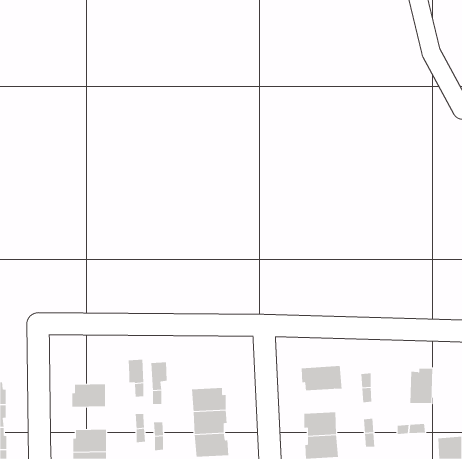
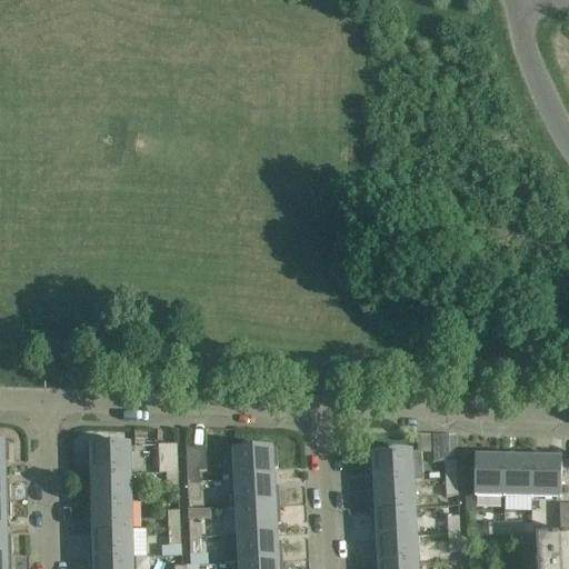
building: none -> [87,442,130,471]
building: none -> [233,446,277,477]
building: none -> [465,451,503,505]
building: none -> [530,451,561,529]
building: none -> [371,477,412,507]
building: none -> [88,498,131,527]

